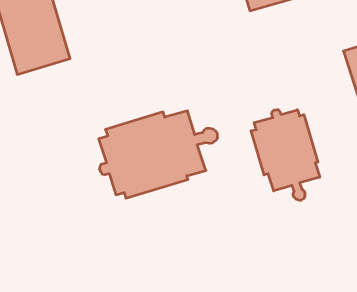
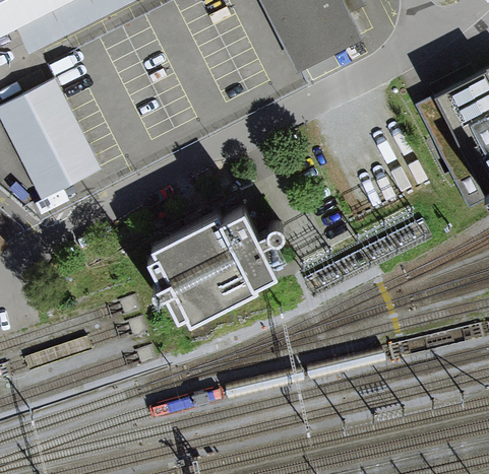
building: [251,110,320,200] -> none

